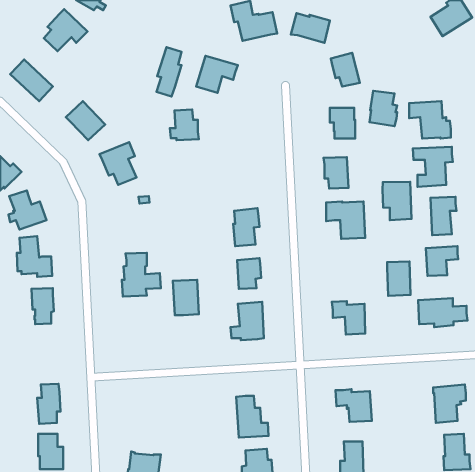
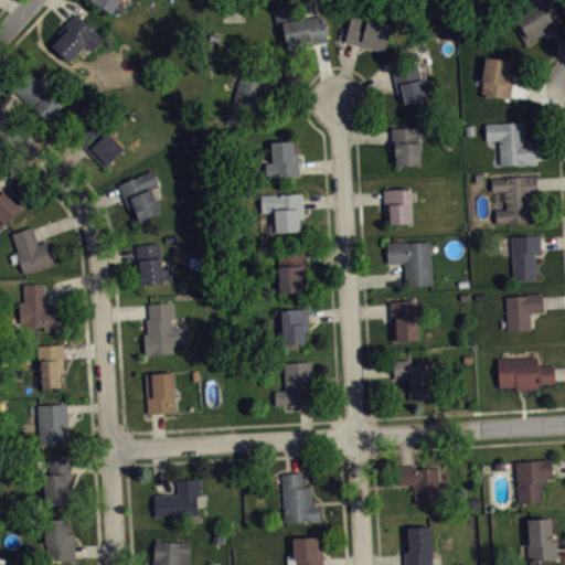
building: [156,47,182,96] -> none
building: [369,91,397,126] -> [480,58,513,100]
building: [170,110,199,140] -> [266,142,300,179]
building: none -> [262,195,305,234]
building: [382,182,411,220] -> none
building: none -> [137,245,172,287]
building: [387,261,411,296] -> [392,302,419,343]
building: [173,280,199,315] -> [146,373,177,415]
building: none -> [39,404,68,445]
building: none -> [153,479,201,522]

